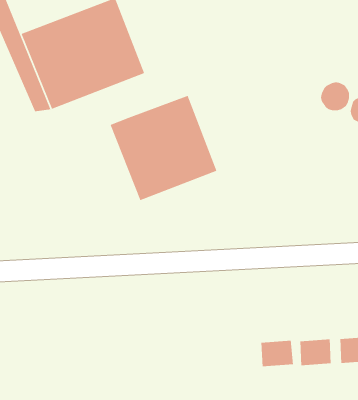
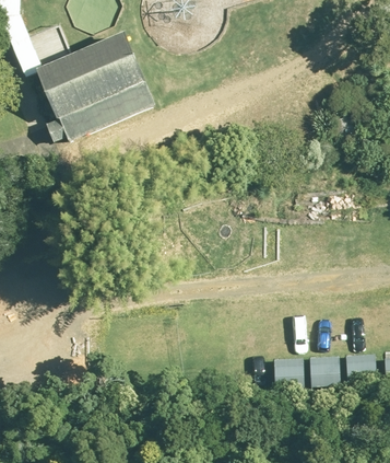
building: [110,95,217,201] -> none

